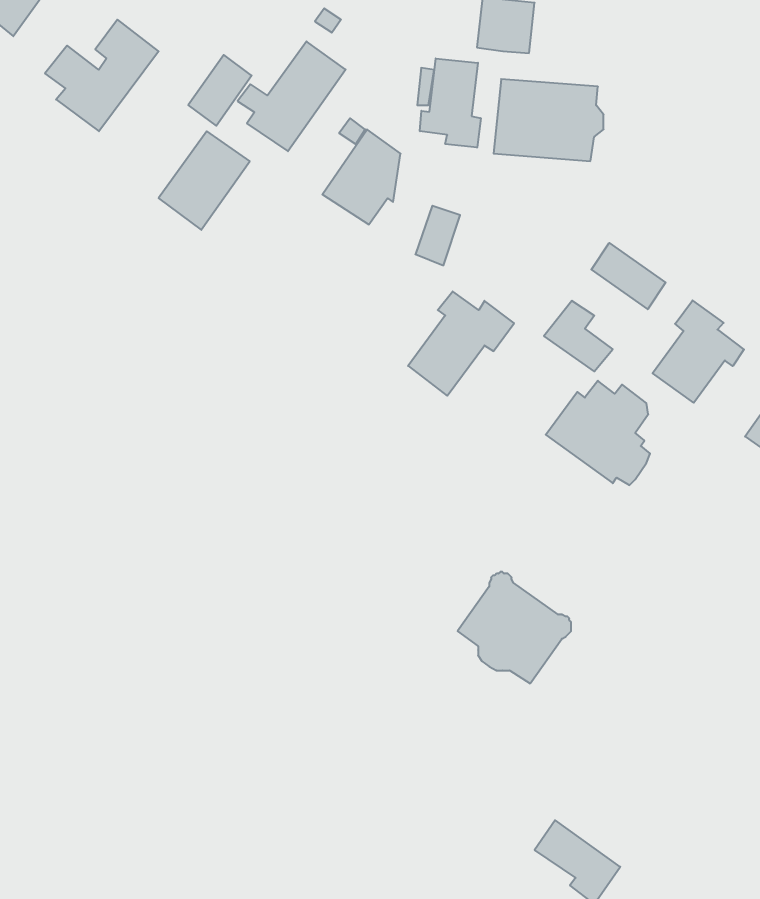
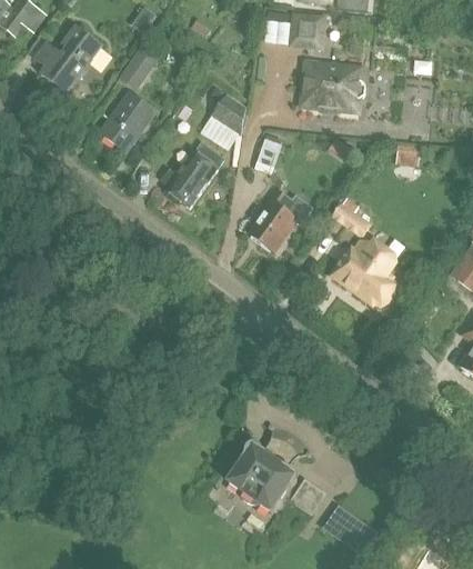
building: [238,41,346,151] -> [161,142,225,208]
building: [420,58,481,148] -> none
building: [591,243,666,309] -> none
building: [653,300,744,403] -> none
building: [458,572,571,683] -> [228,445,295,511]

